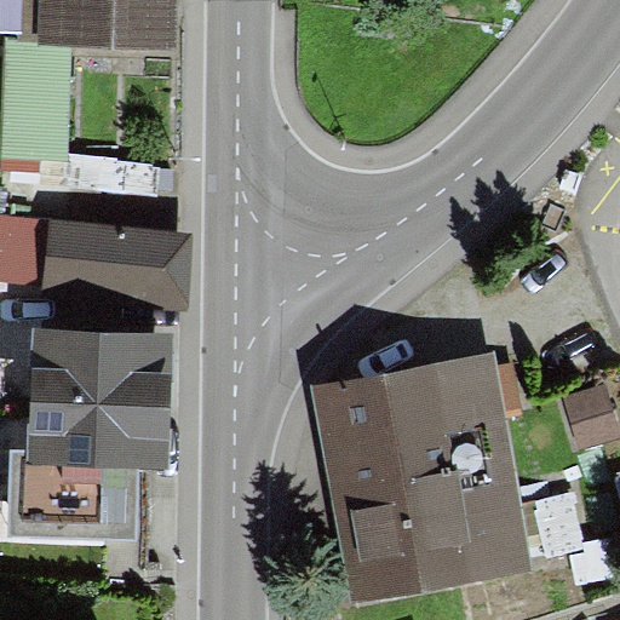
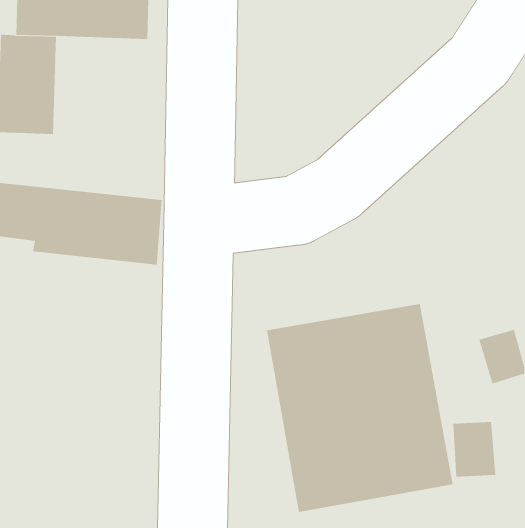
building: [5,331,167,535] -> none

